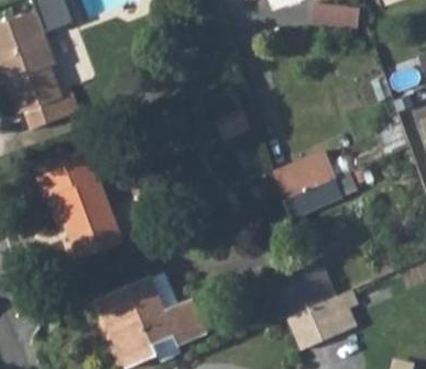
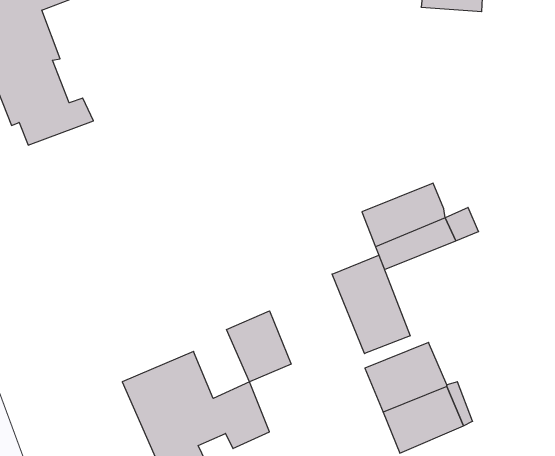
building: [37,156,124,257] -> none
building: none -> [332,255,410,354]
building: none -> [227,311,291,382]

